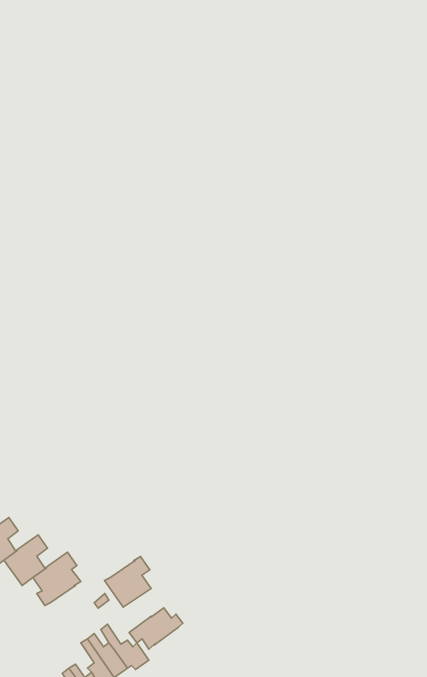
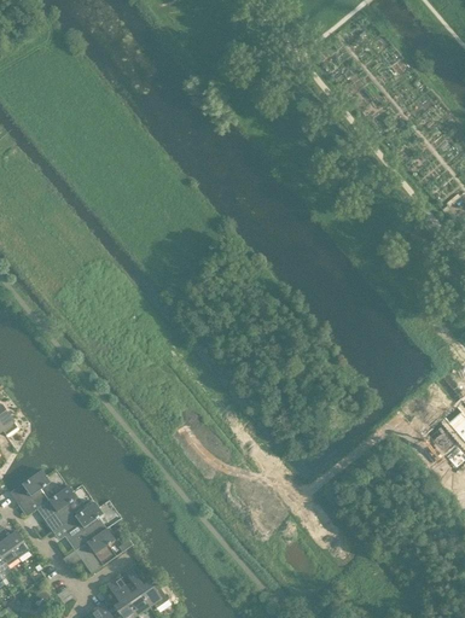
building: [105,556,151,607] -> [72,527,115,573]
building: [129,608,183,649] -> none

